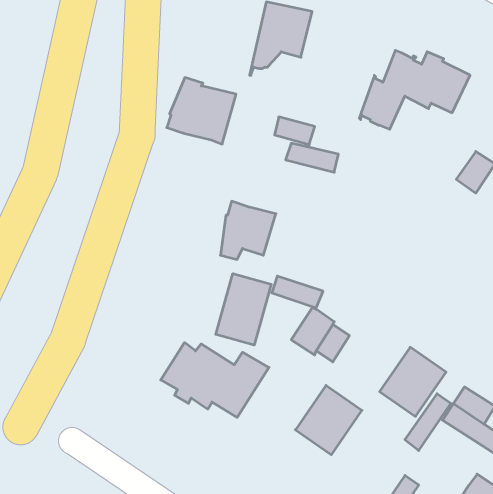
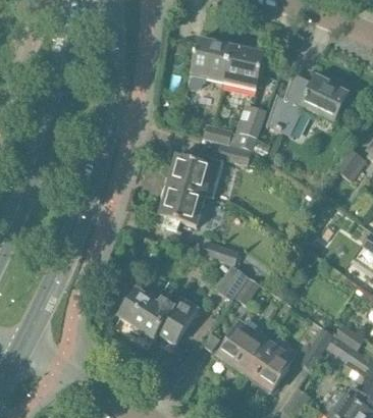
building: none -> [222,46,264,87]
building: [167,78,236,144] -> [171,149,222,198]
building: none -> [228,104,264,151]
building: [216,274,271,345] -> none
building: [380,347,446,416] -> [245,339,294,390]

